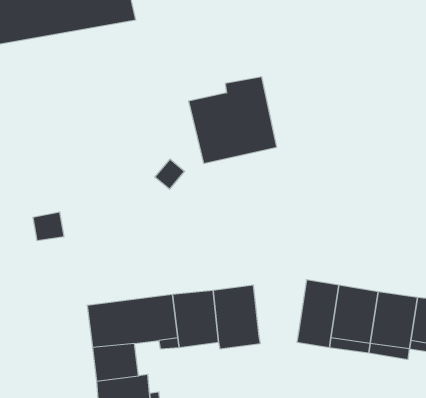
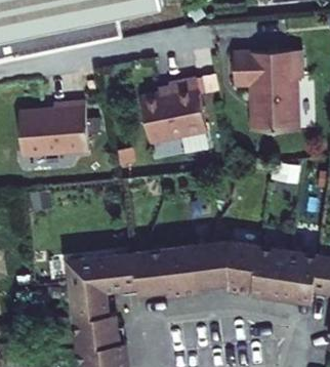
building: none -> [234,53,303,136]
building: none -> [22,108,93,163]
building: none -> [195,241,235,284]

